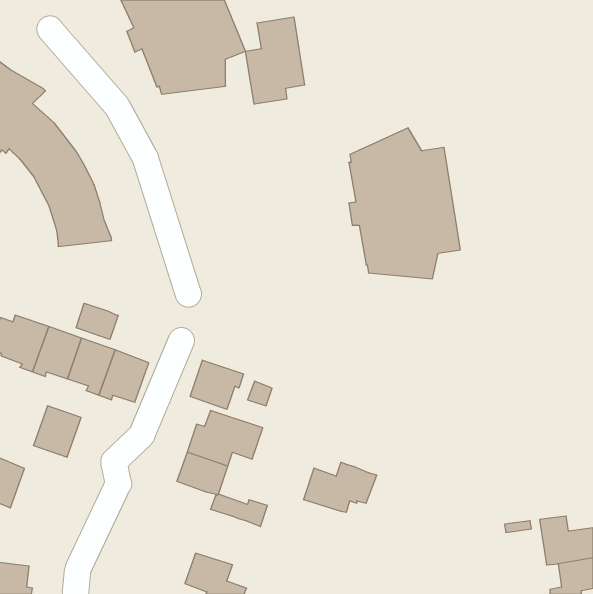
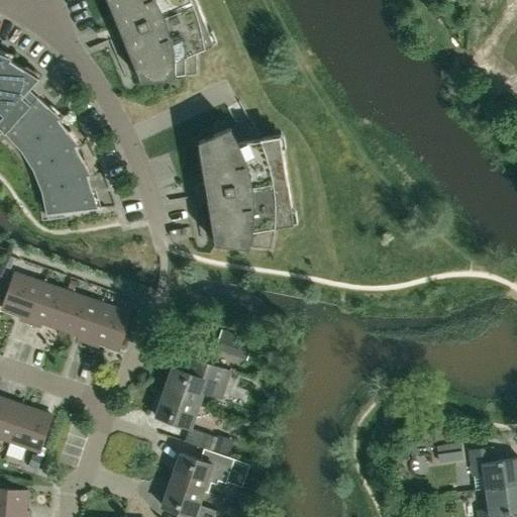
building: [245,17,305,104] -> none
building: [349,128,460,279] -> [197,118,294,249]
building: [76,303,118,339] -> none
building: [190,360,243,409] -> none
building: [33,406,81,457] -> [9,407,50,451]
building: [303,462,377,512] -> [170,448,233,492]

